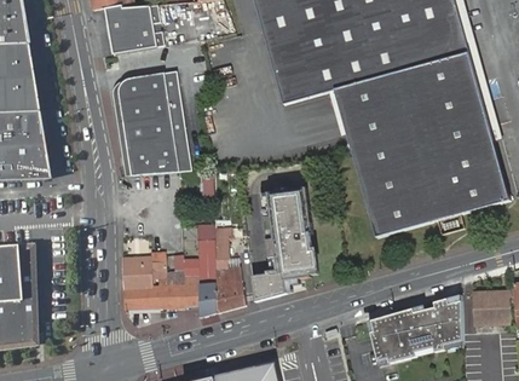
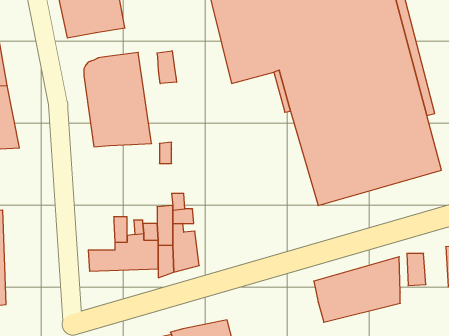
building: none -> [157,51,177,84]
building: [252,186,317,301] -> none
building: [122,255,152,287] -> none
building: [489,289,509,324] -> none

